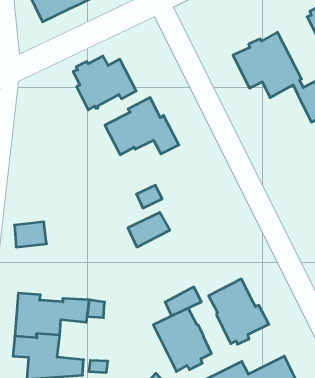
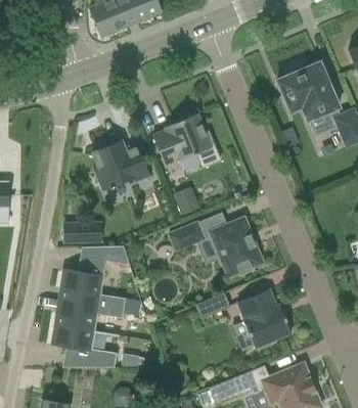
building: [73,56,136,110] -> [92,140,149,189]
building: none -> [60,245,130,298]
building: [153,308,211,372] -> [210,218,262,276]

